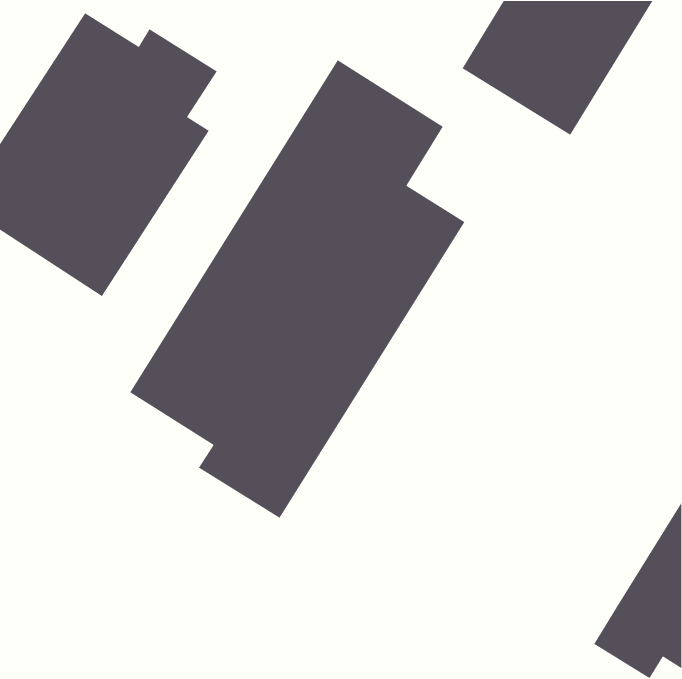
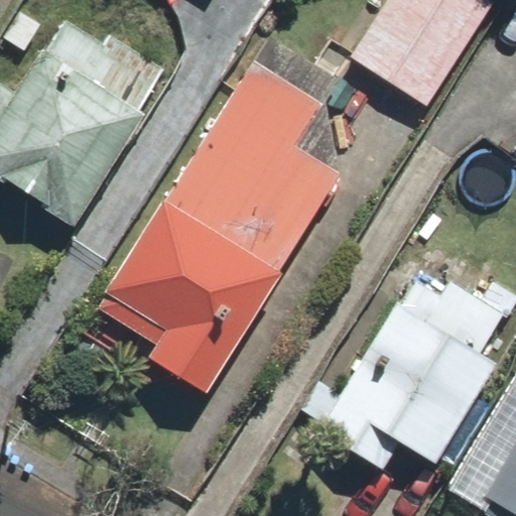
building: none -> [321,273,507,466]

